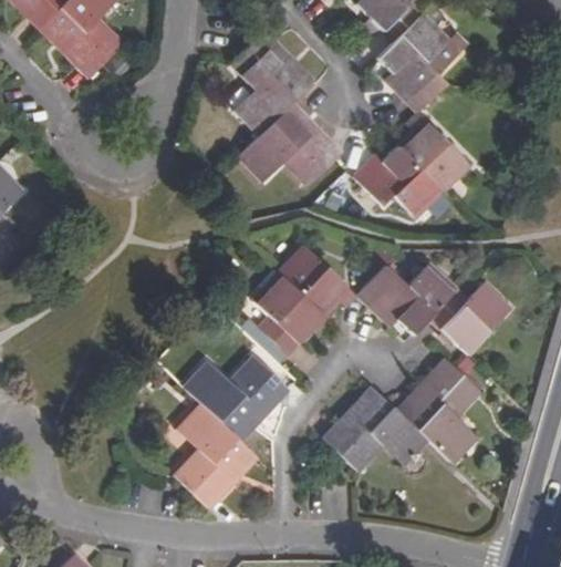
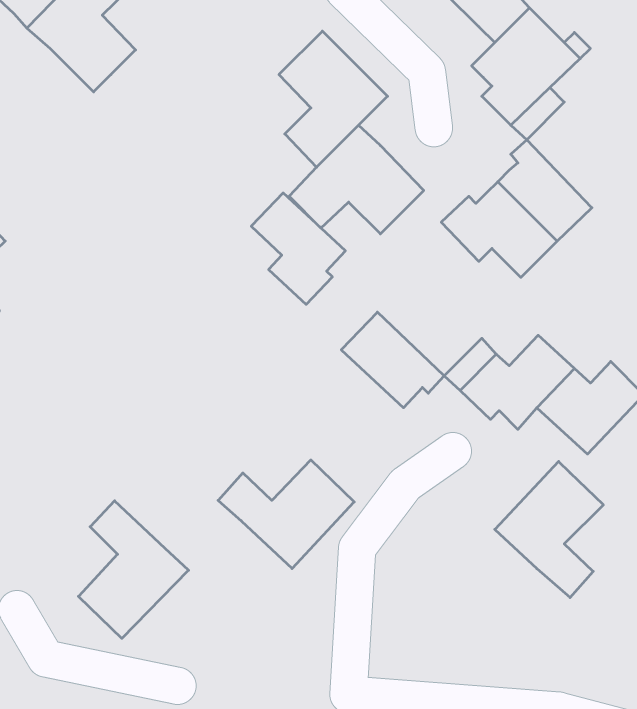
building: [253,274,325,359] -> [251,193,345,304]
building: [323,388,427,472] -> none
building: [174,404,258,509] -> [78,501,189,638]

